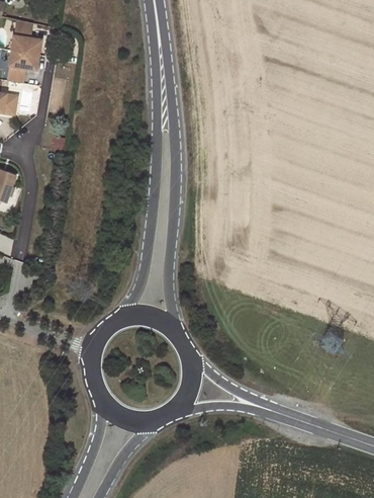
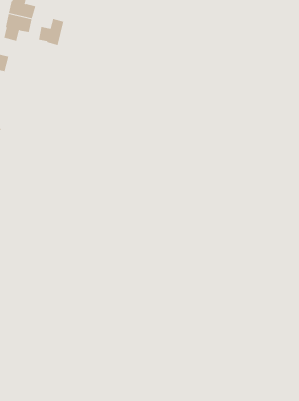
building: none -> [39,18,64,46]

